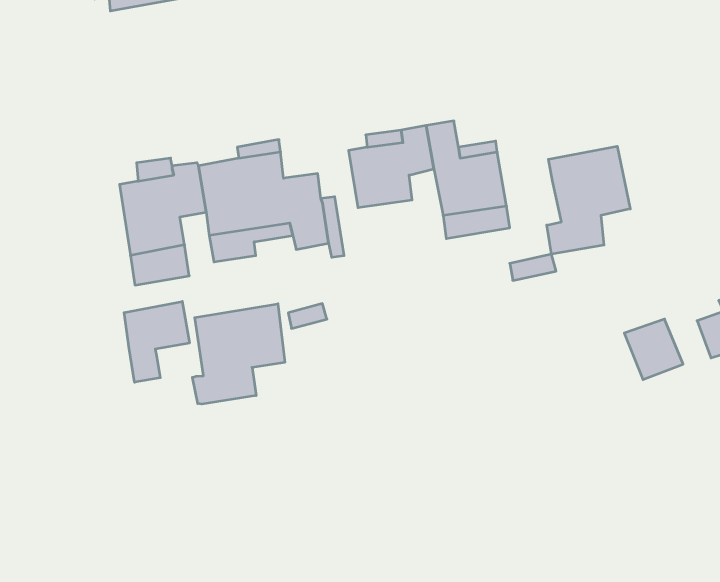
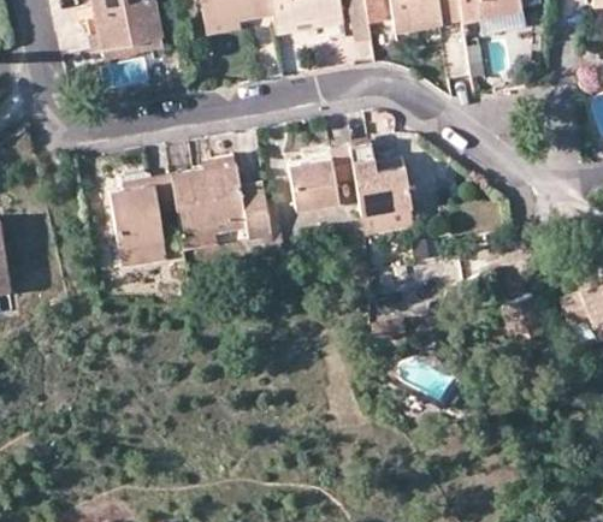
building: [547,146,630,254] -> none
building: [124,301,189,382] -> none
building: [192,304,285,404] -> none

